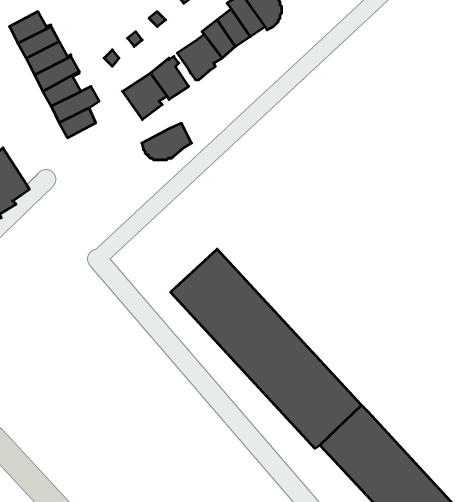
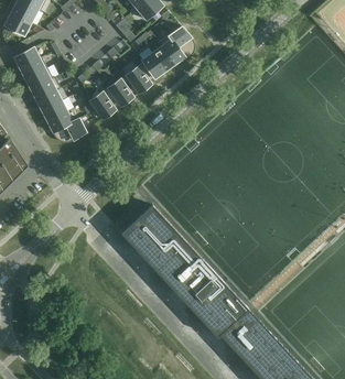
building: [142,123,192,160] -> [53,118,86,142]

